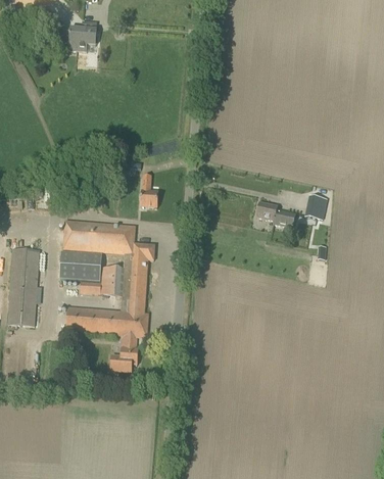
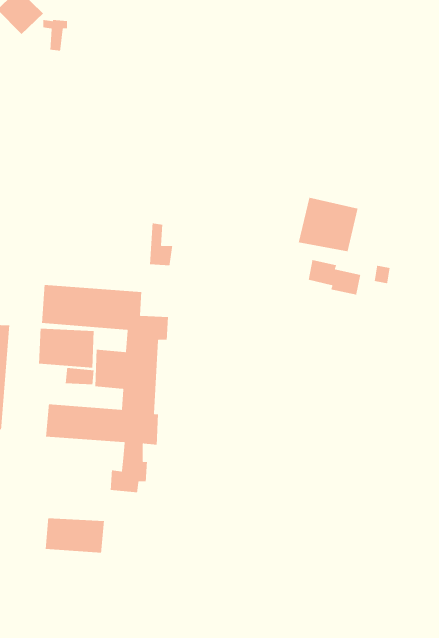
building: [77,20,97,50] -> none
building: none -> [298,197,358,252]
building: none -> [45,518,105,553]

